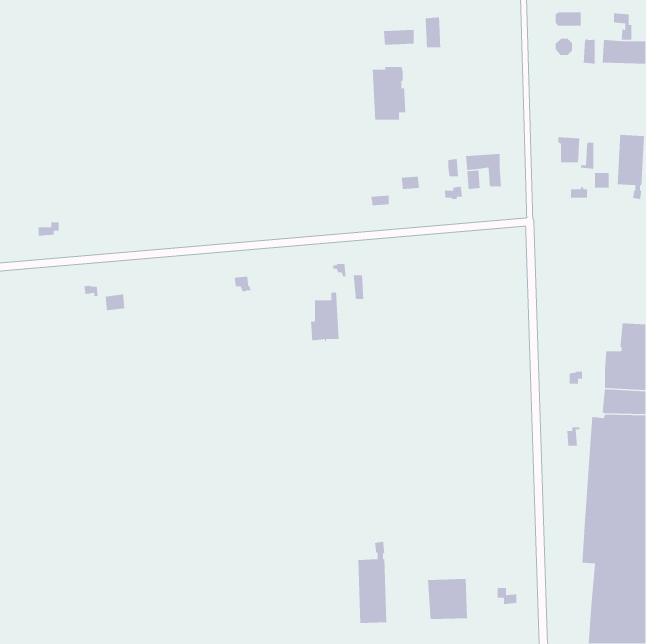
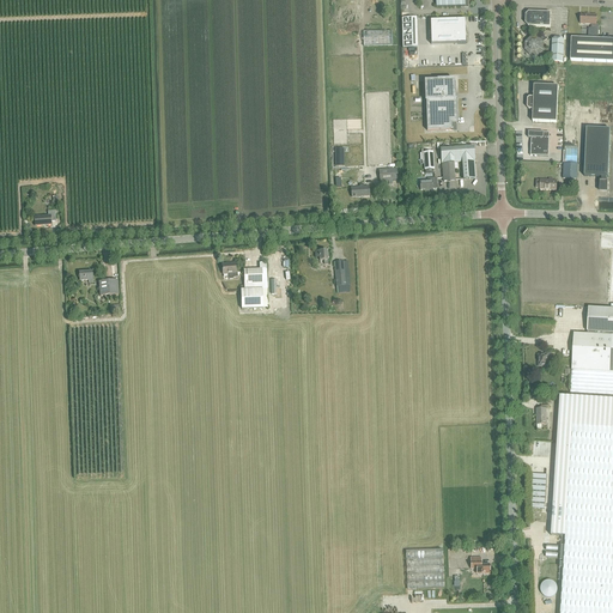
building: none -> [431,17,467,42]
building: [372,66,406,121] -> [425,77,457,128]
building: none -> [527,84,558,121]
building: [310,292,339,342] -> [241,261,268,309]
building: [358,541,387,624] -> none

